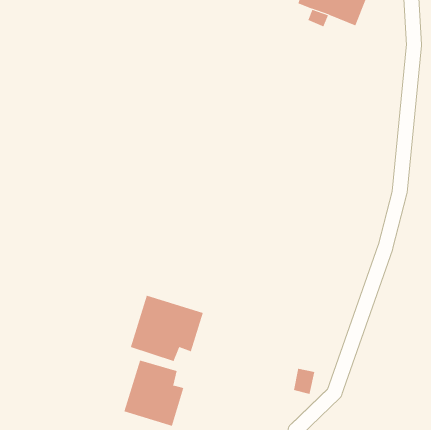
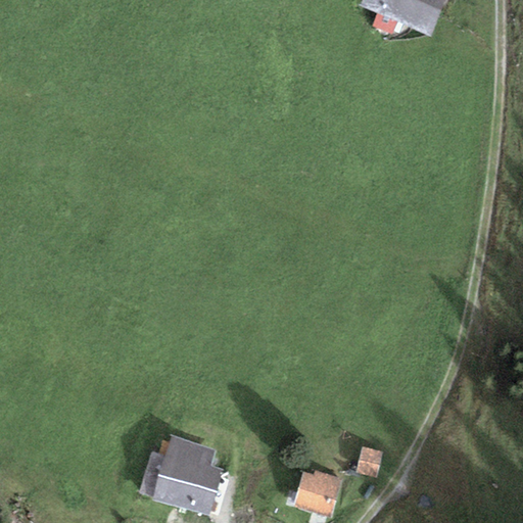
building: [130,295,204,362] -> none
building: none -> [293,468,342,516]

